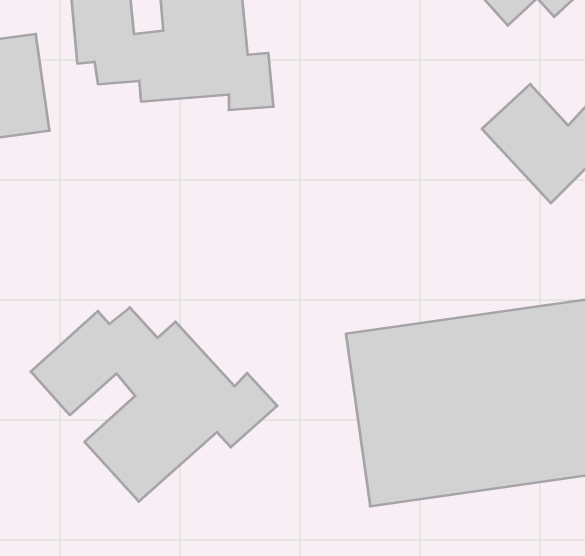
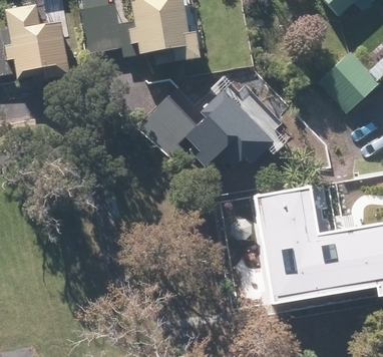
building: none -> [146,73,284,168]
building: [31,307,277,502] -> none

